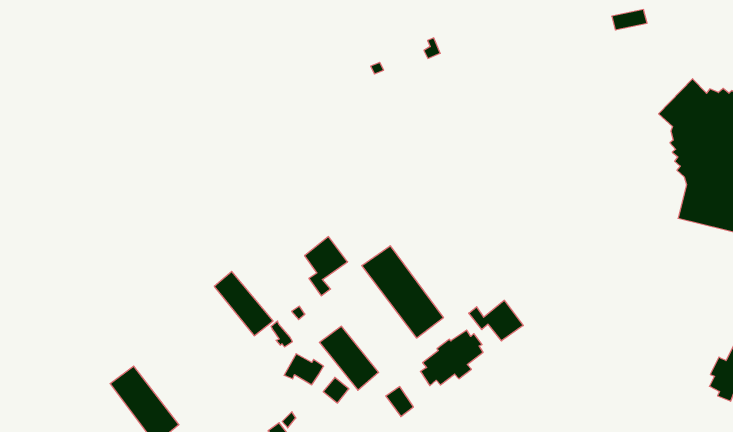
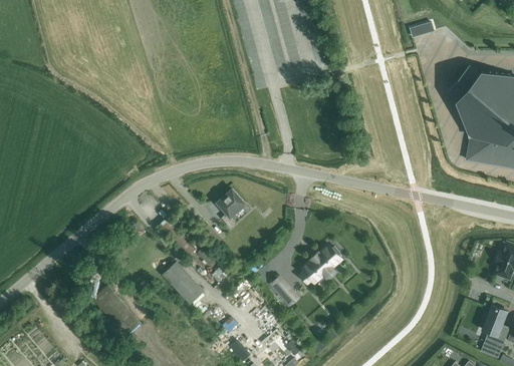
building: [362,246,443,338] -> none
building: [469,300,523,341] -> none
building: [319,326,379,390] -> [163,263,204,305]

